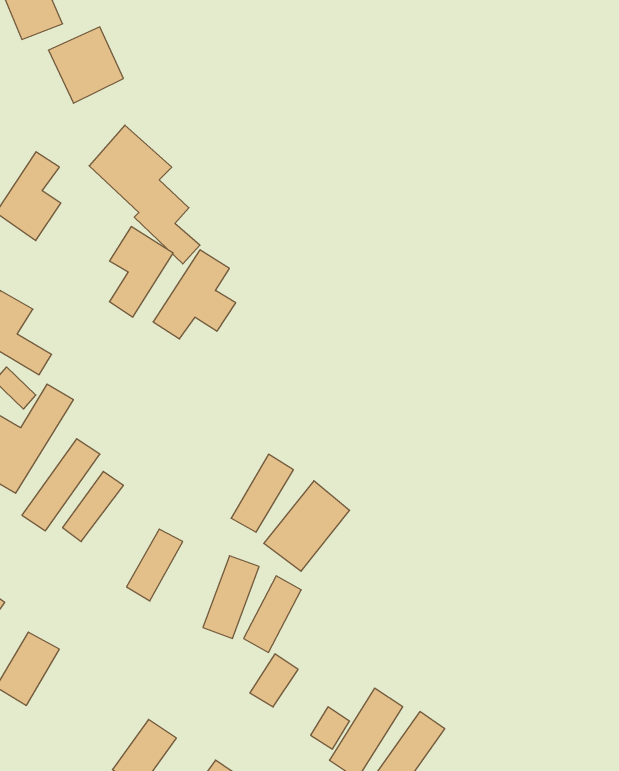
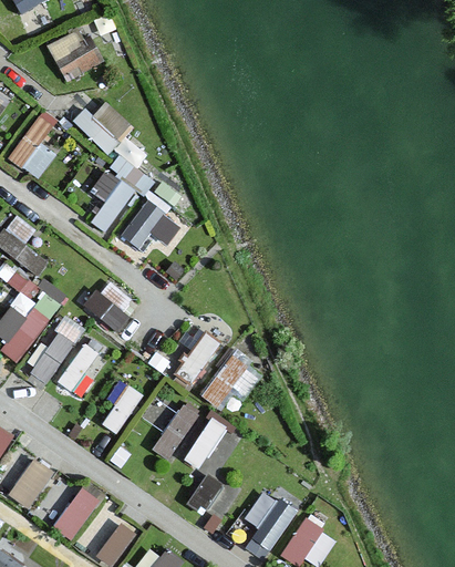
building: none -> [85,280,136,330]
building: none -> [52,486,102,540]

